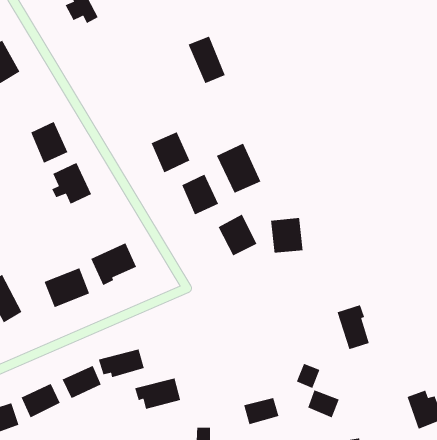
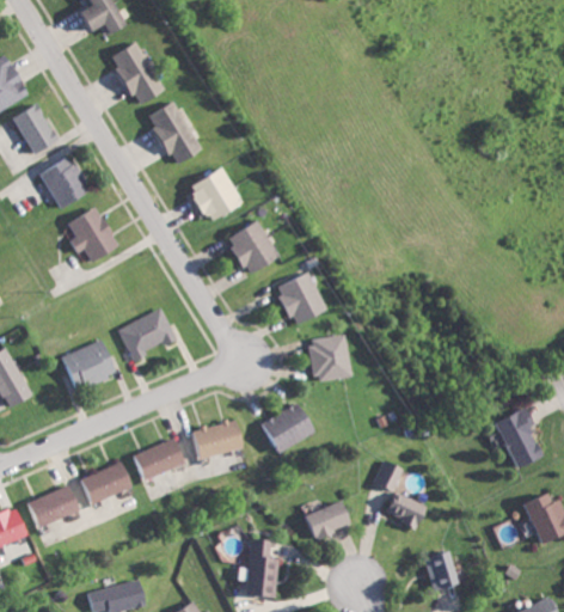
building: none -> [112,44,161,108]
building: [188,35,226,84] -> [151,105,198,166]
building: none -> [14,106,56,155]
building: [216,143,261,194] -> none
building: [270,217,304,254] -> [307,336,349,381]
building: [337,304,370,350] -> [488,409,529,466]
building: none -> [258,402,315,454]
building: [134,377,181,410] -> [186,418,245,459]

